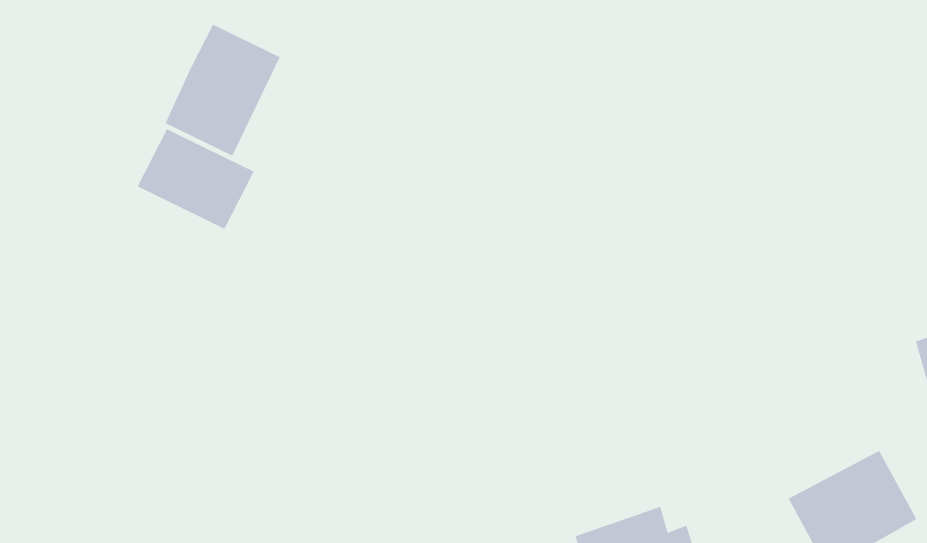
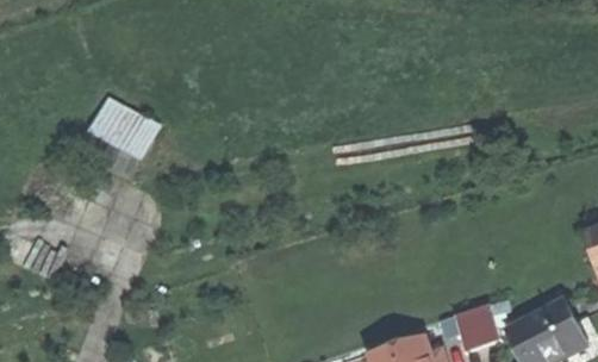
building: [165,24,280,157] -> none
building: none -> [449,306,497,352]

